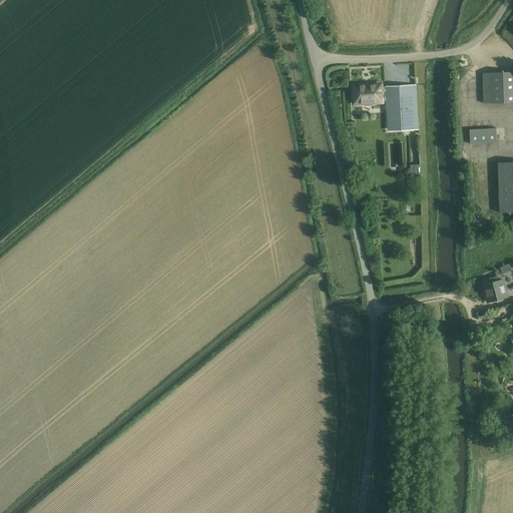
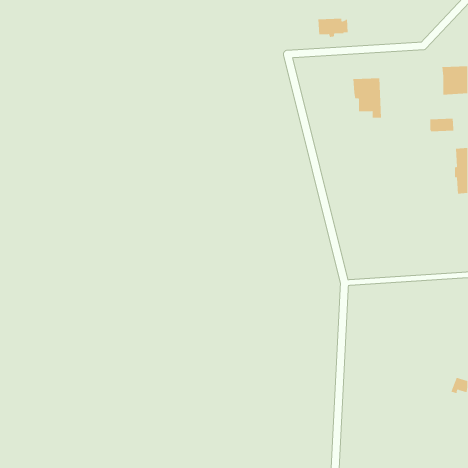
building: [353,85,387,106] -> [318,18,349,38]
building: [484,277,508,303] -> none

